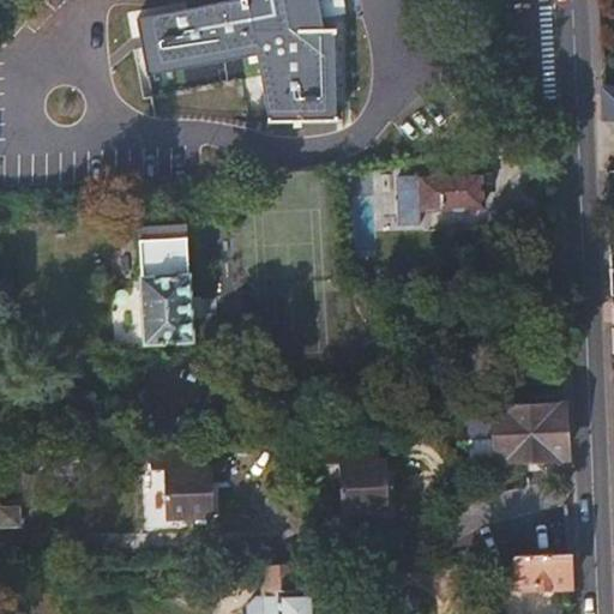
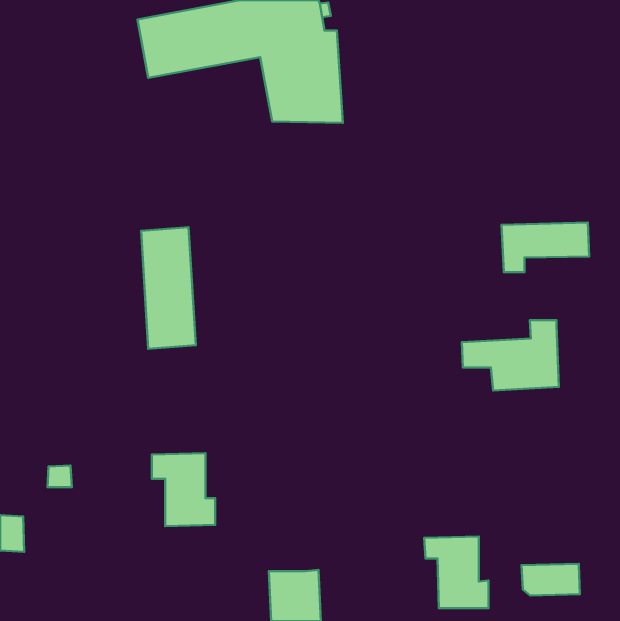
building: [391,174,477,223] -> [502,222,589,272]
building: [470,391,566,460] -> [462,320,559,391]
building: [327,444,391,514] -> [424,537,489,608]

